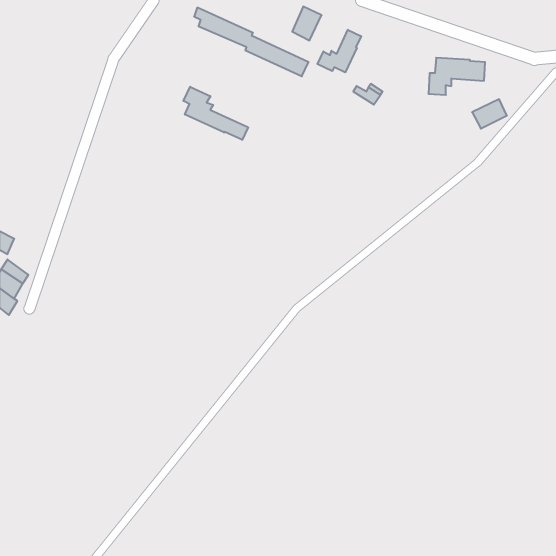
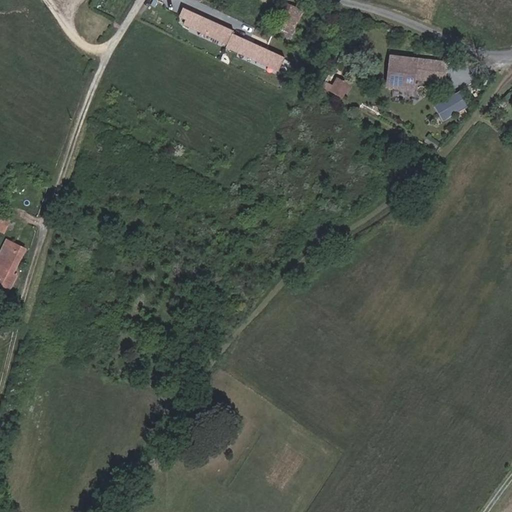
building: [317,30,361,72] -> none
building: [183,87,248,140] -> none

